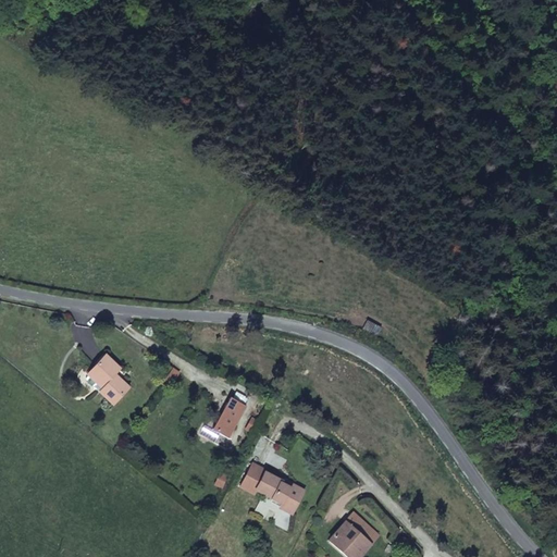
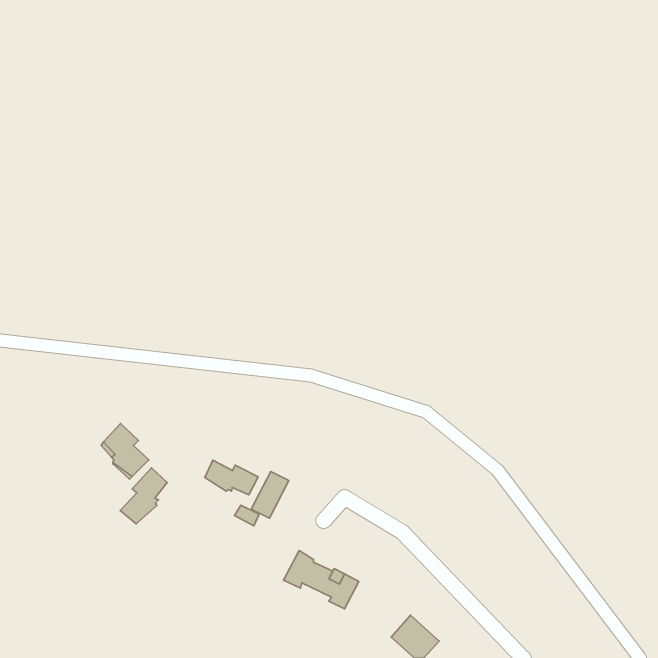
building: none -> [205,460,258,495]
building: none -> [120,468,167,524]

